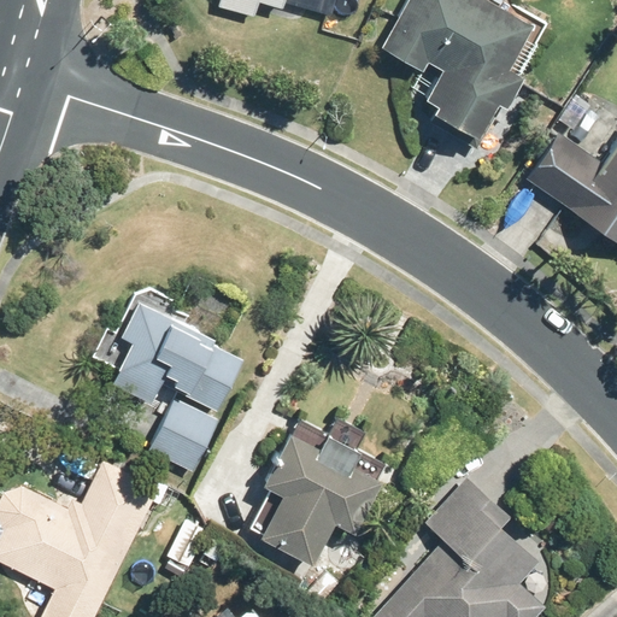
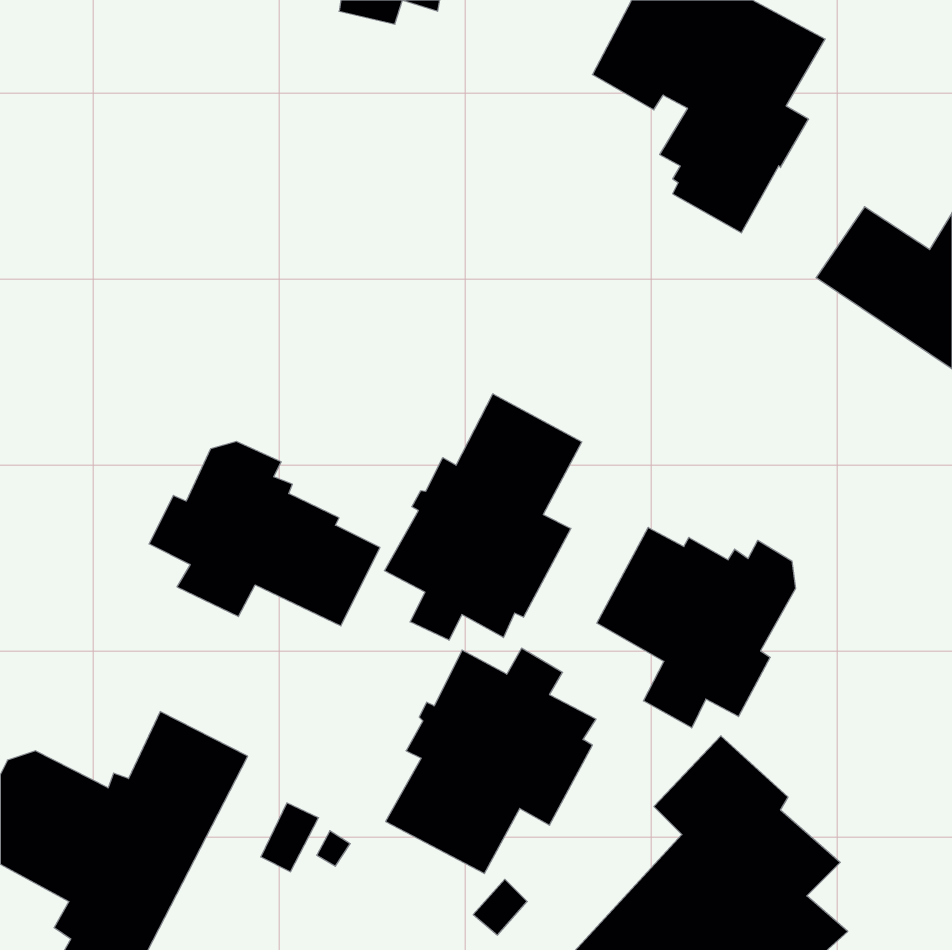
building: none -> [384,394,582,640]
building: none -> [597,527,795,728]
building: [148,399,218,472] -> none

